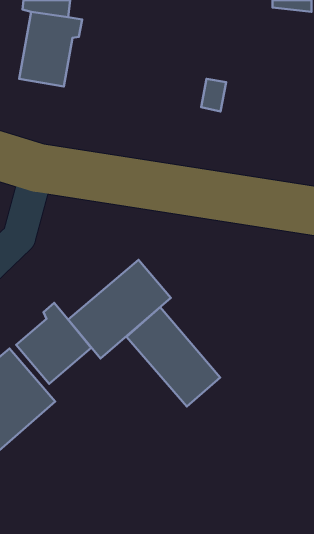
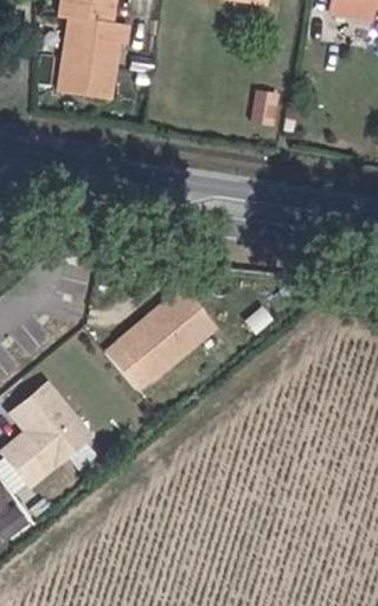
building: [16,303,91,384] -> none
building: [126,307,220,406] -> none

